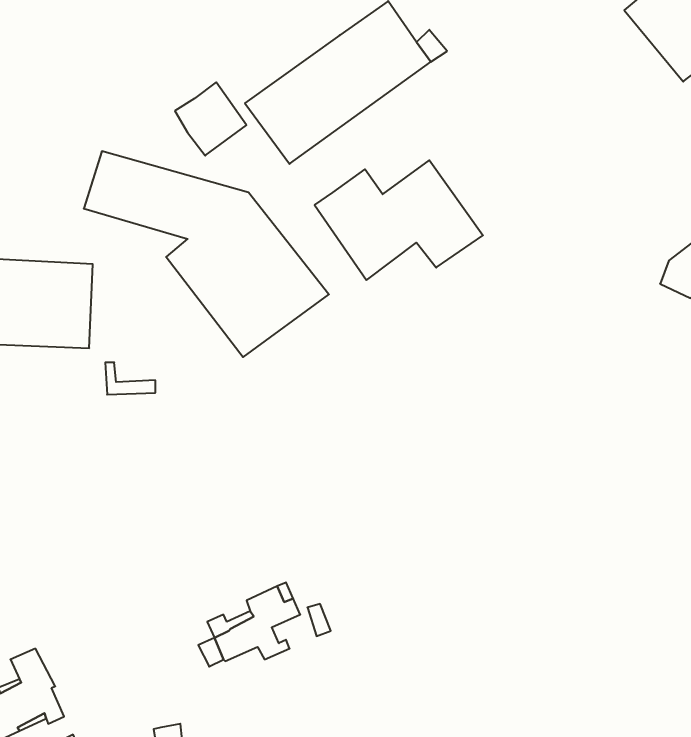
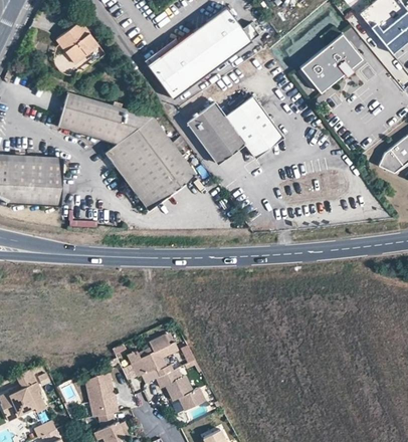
building: none -> [298,33,362,93]
building: [175,82,246,156] -> [58,23,98,64]
building: none -> [155,369,204,411]
building: none -> [83,374,116,416]

